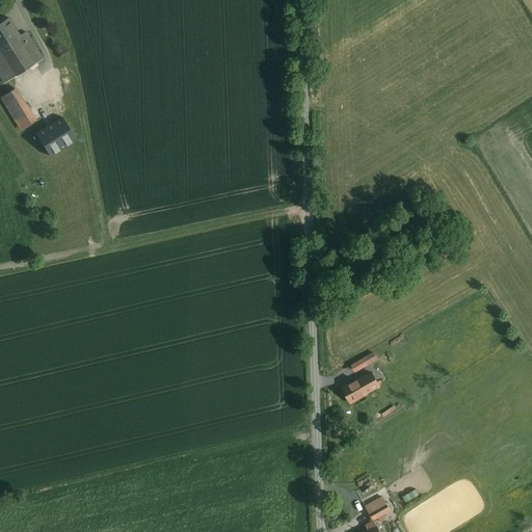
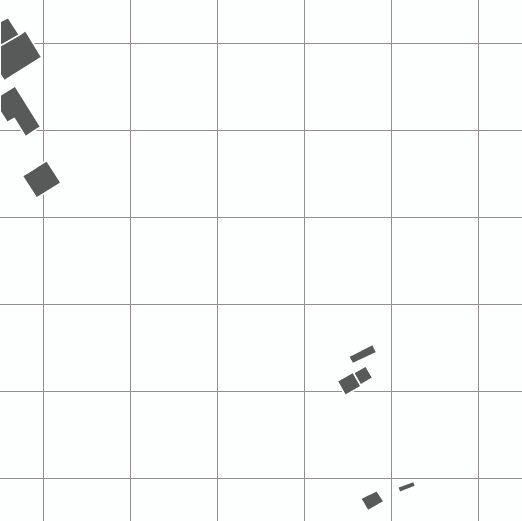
building: [36,116,76,155] -> [22,160,61,198]

